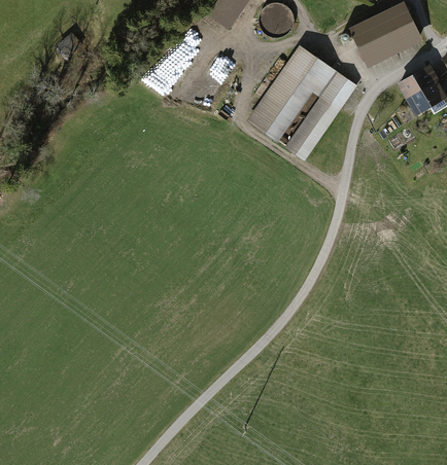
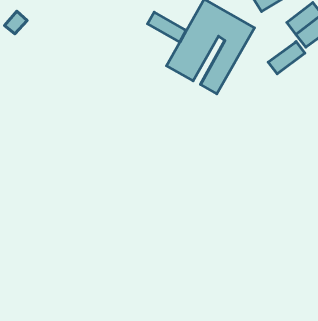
building: none -> [147,12,186,42]
building: none -> [268,41,305,74]

